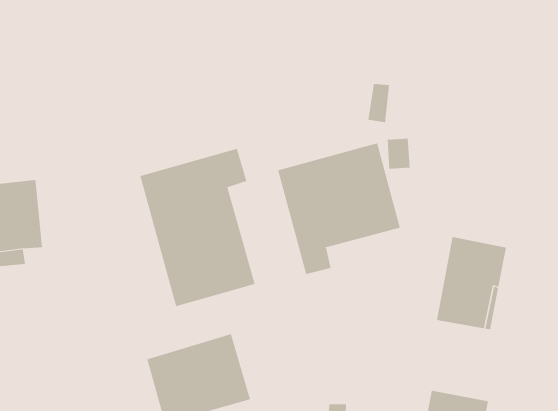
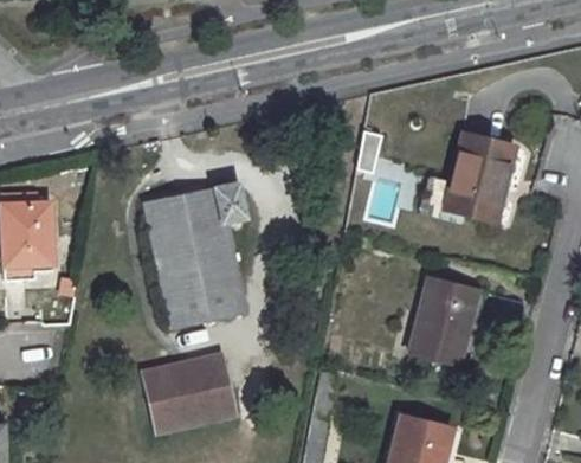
building: none -> [446,134,516,220]
building: [277,142,401,275] -> none

